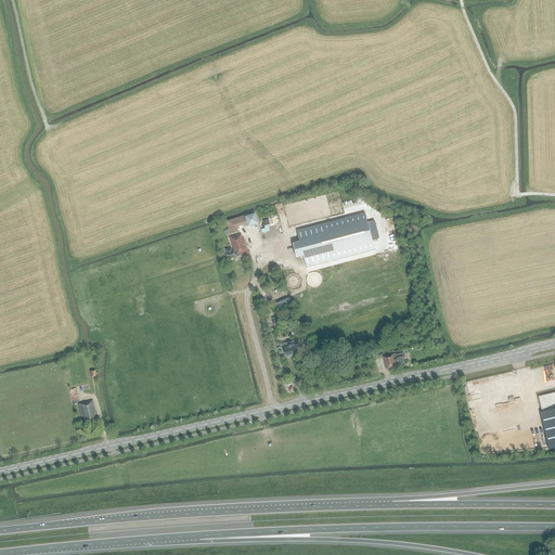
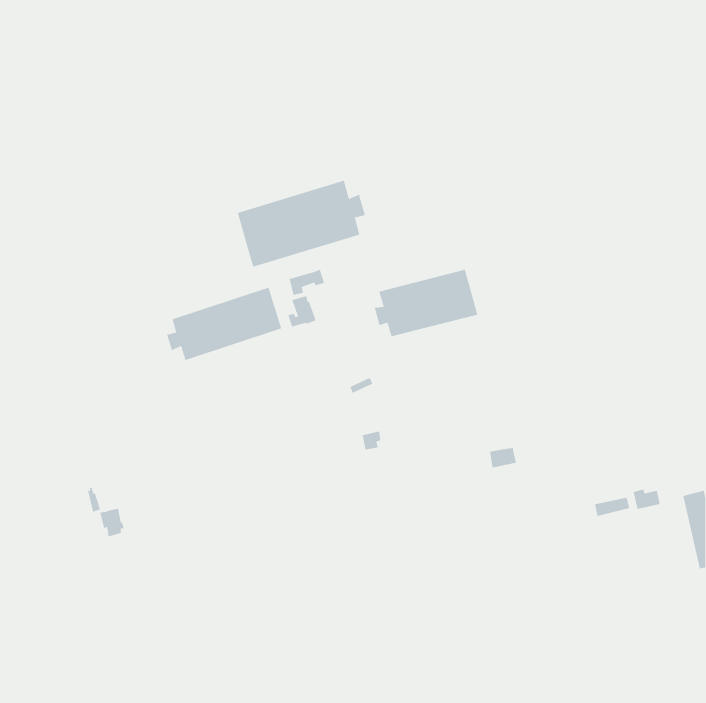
building: none -> [237,180,366,268]
building: none -> [166,287,282,361]

